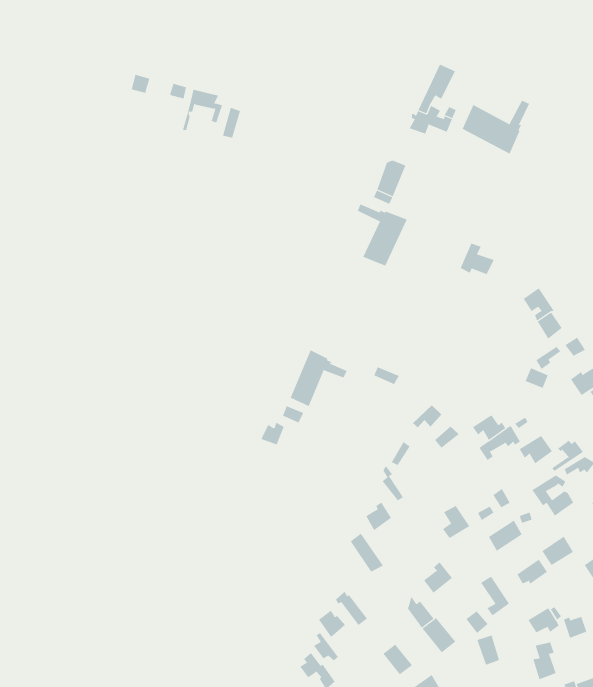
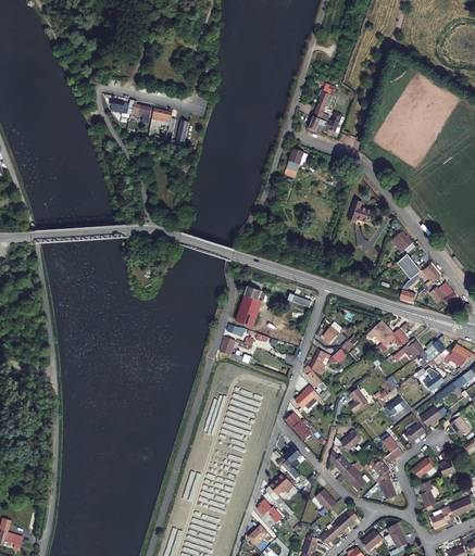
building: [462,100,530,154] -> none
building: [357,204,408,267] -> none

